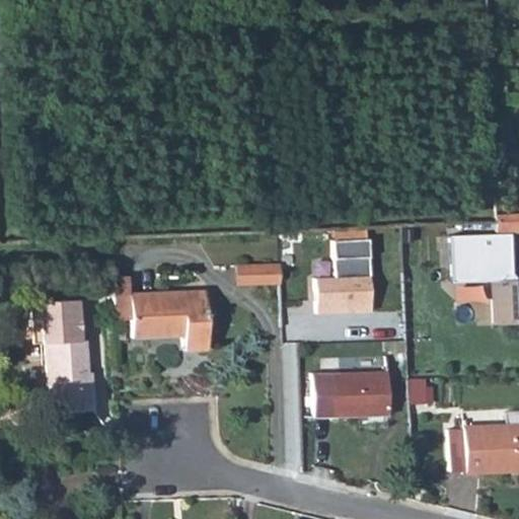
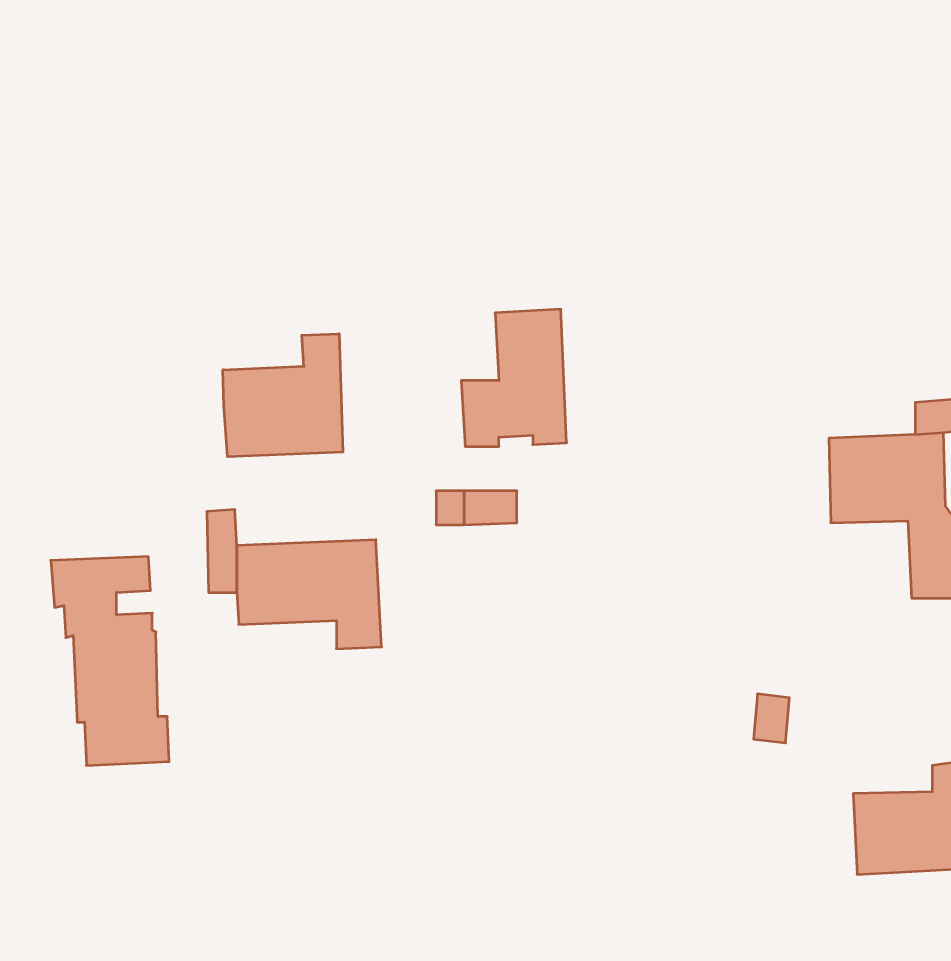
building: none -> [223,334,343,457]
building: [317,239,374,313] -> [461,309,567,446]
building: [313,370,391,418] -> none

